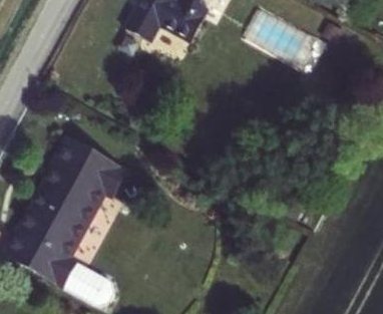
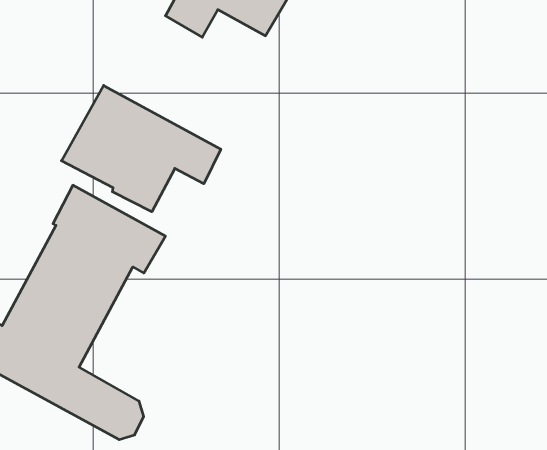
building: none -> [61,85,221,212]

